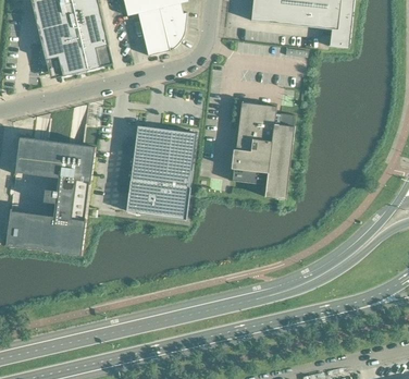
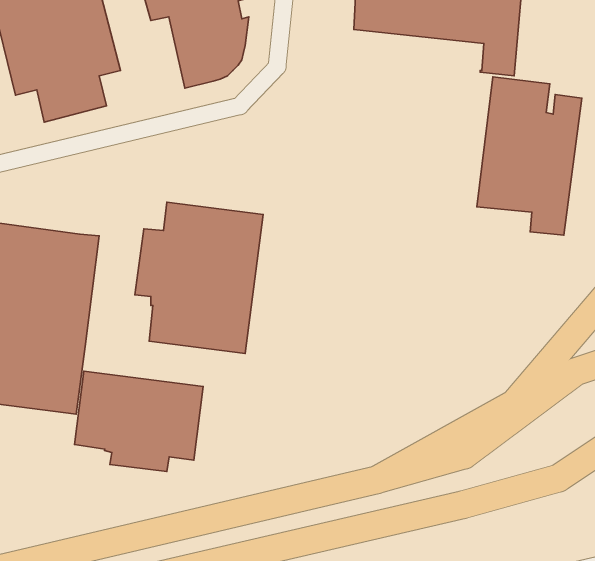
building: [232,101,296,198] -> [477,77,582,235]
building: none -> [74,371,203,472]

